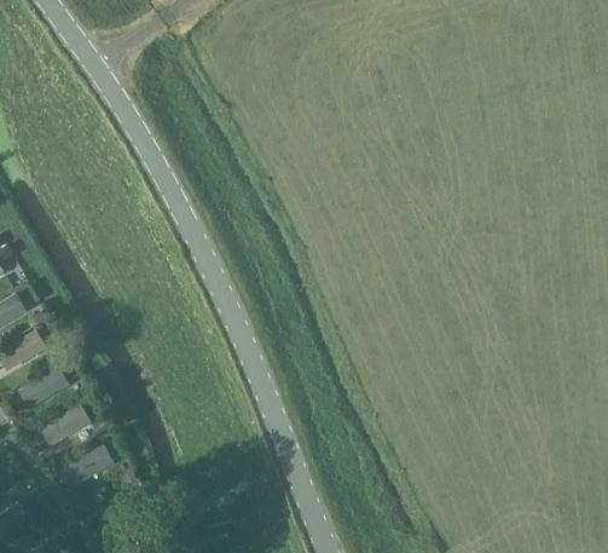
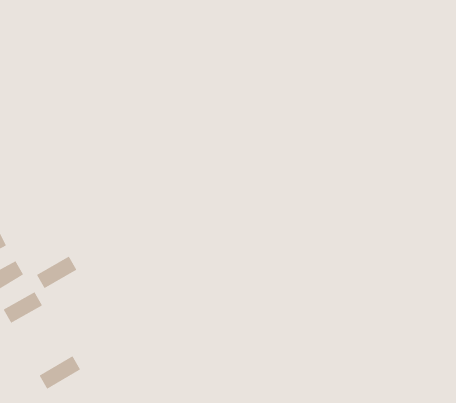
building: [37,405,87,445] -> [36,256,77,289]

